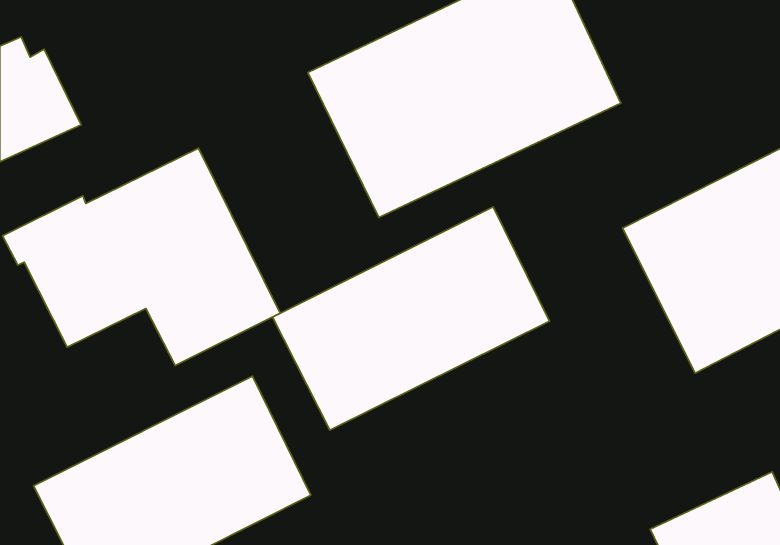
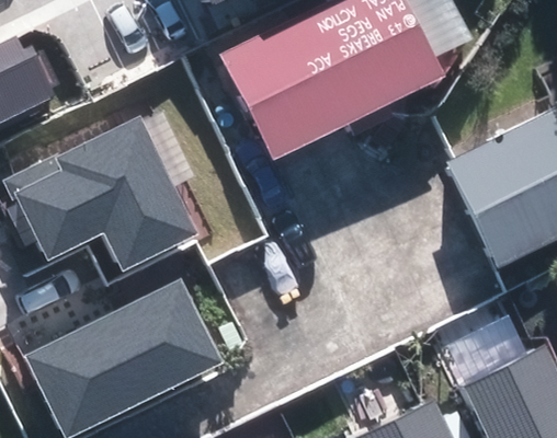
building: [272,207,549,430] -> none

